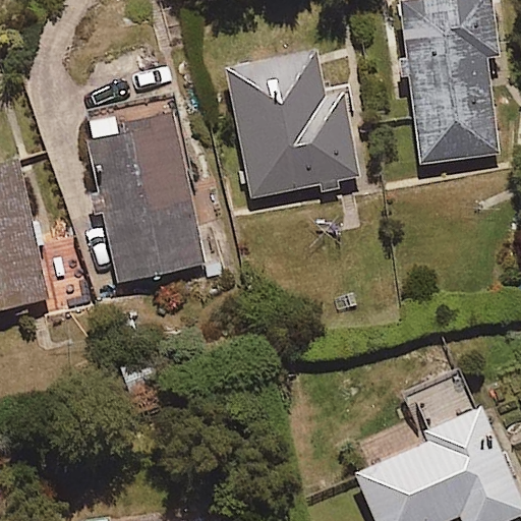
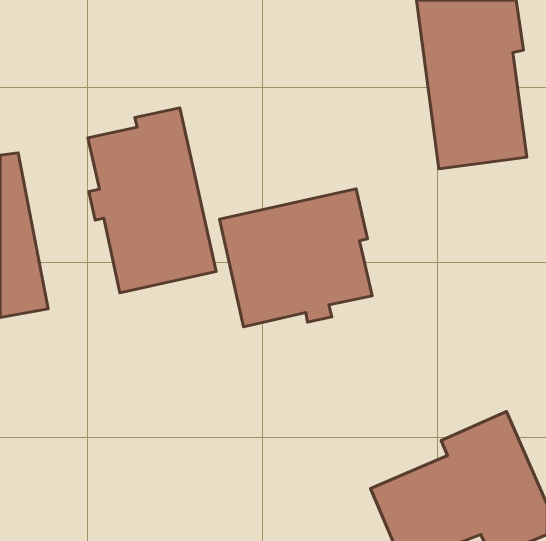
building: [224,45,366,198] -> none
building: none -> [219,189,372,327]

